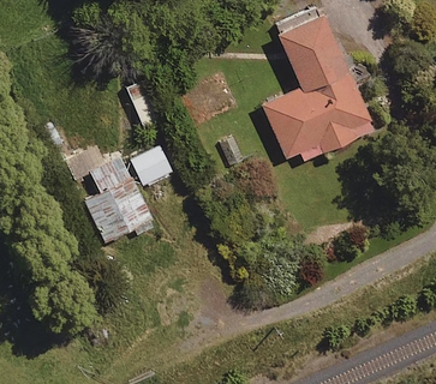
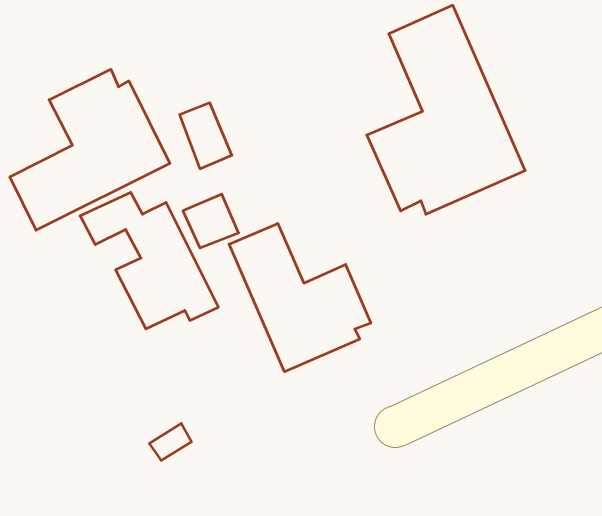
building: none -> [10,69,170,230]
building: none -> [229,223,371,372]

